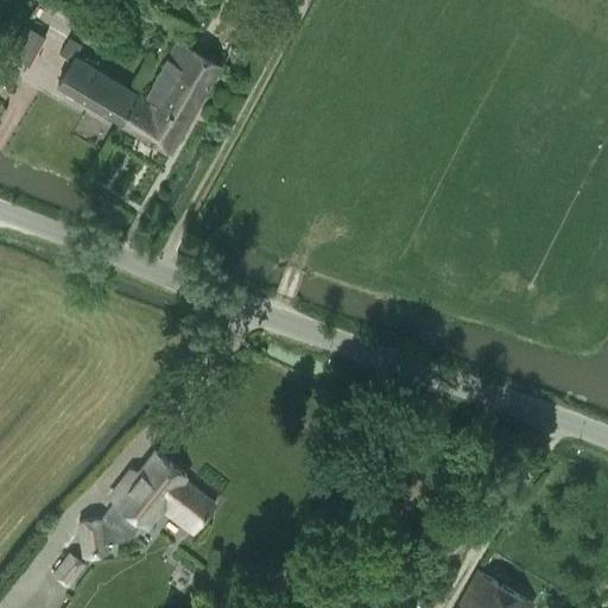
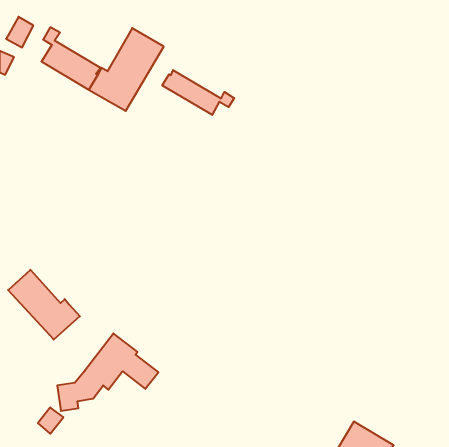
building: none -> [162,70,234,115]
building: none -> [8,270,80,340]

